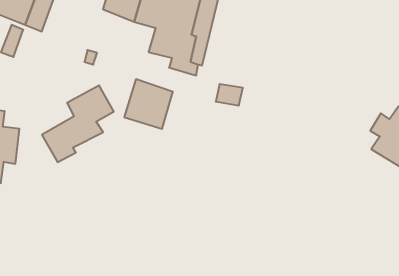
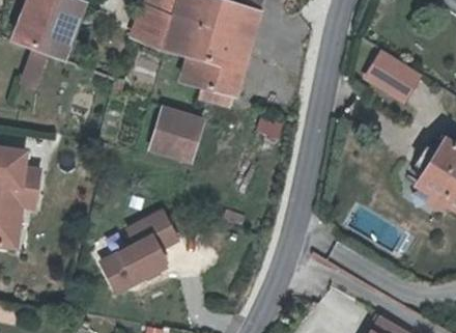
building: none -> [365,52,419,103]
building: [42,85,114,162] -> [105,210,181,292]

